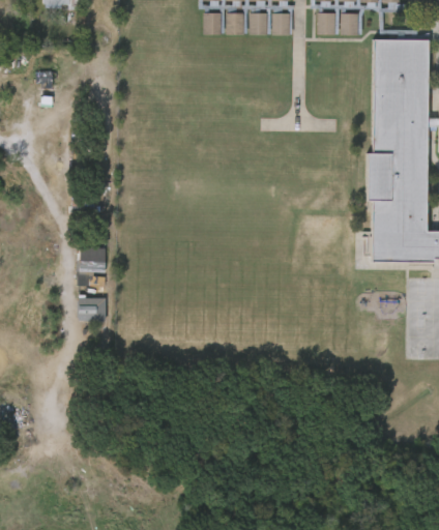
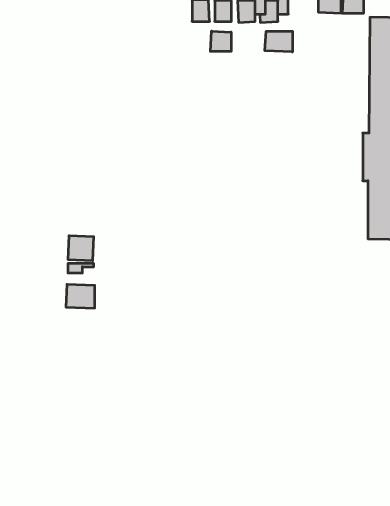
building: none -> [210,31,231,51]
building: none -> [265,31,292,52]

